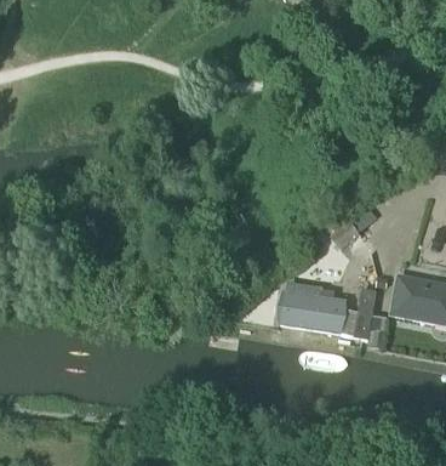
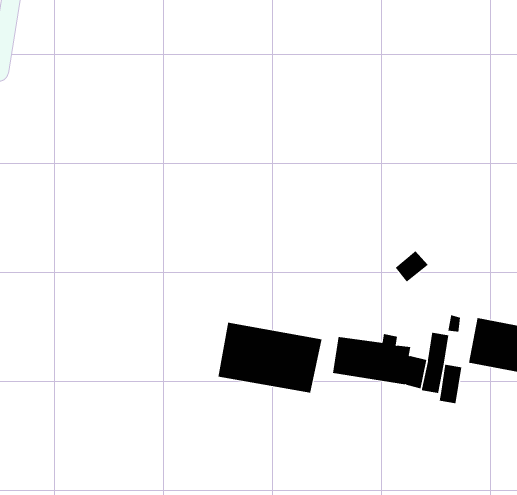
building: none -> [218,322,322,394]

